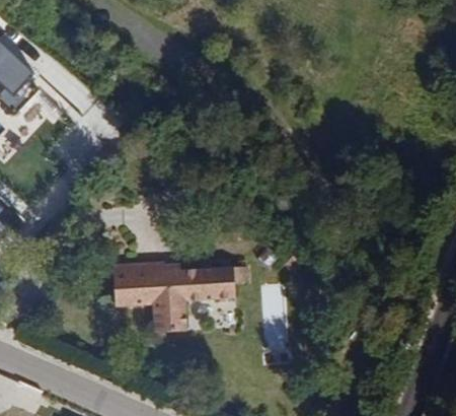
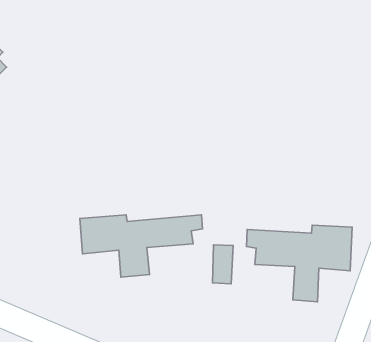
building: none -> [247,225,352,302]

